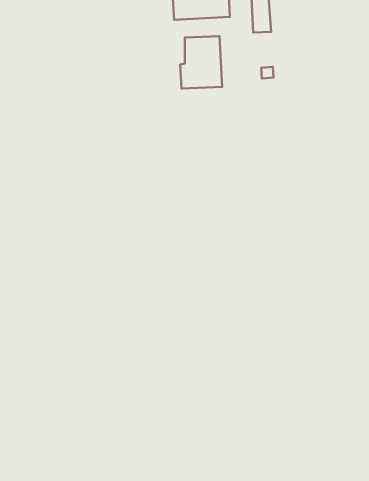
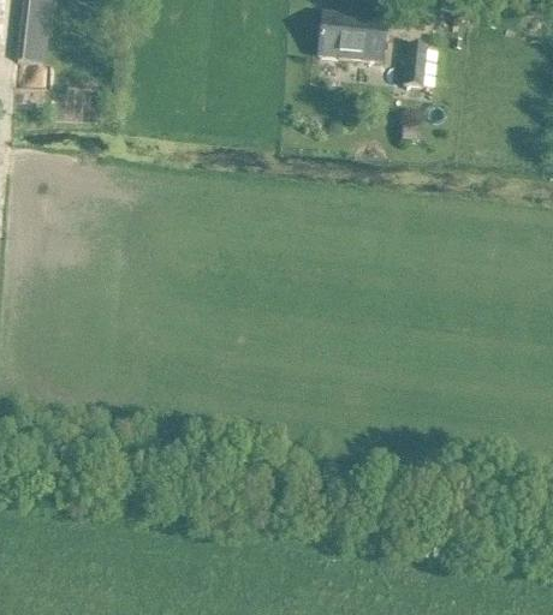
building: [180,36,222,89] -> none

